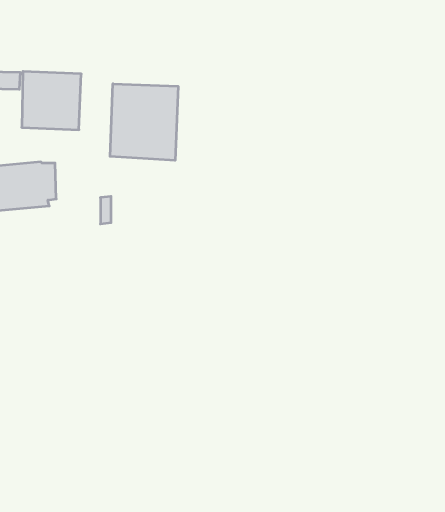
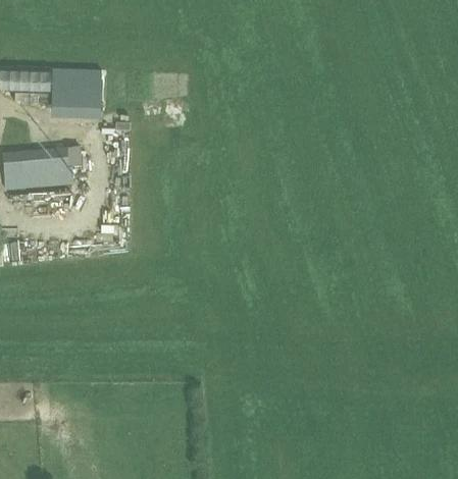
building: [110,84,178,160] -> none

